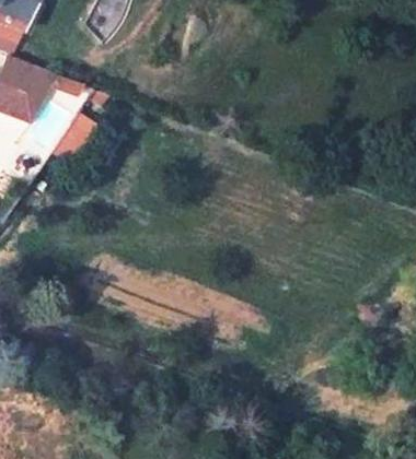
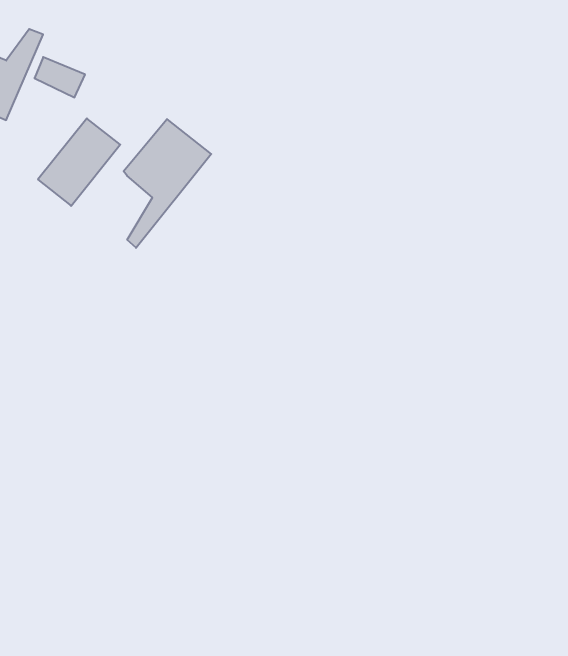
building: none -> [124,119,211,248]

